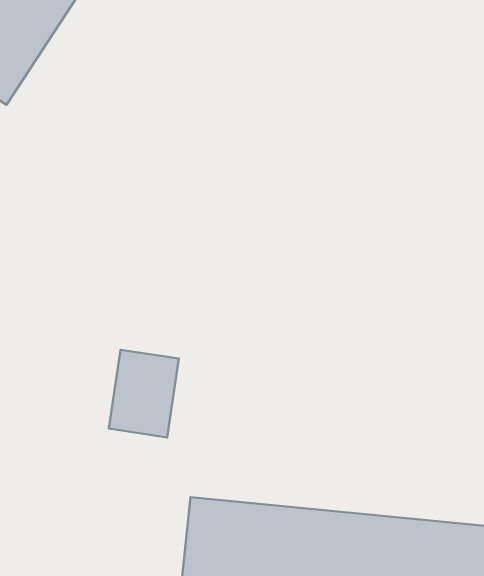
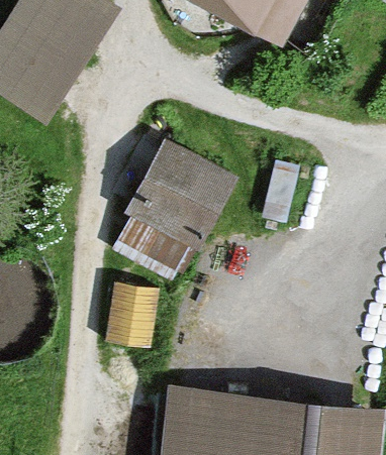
building: none -> [118,147,236,286]

